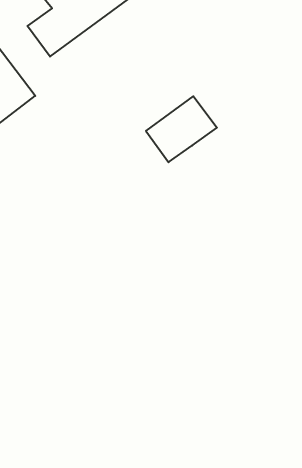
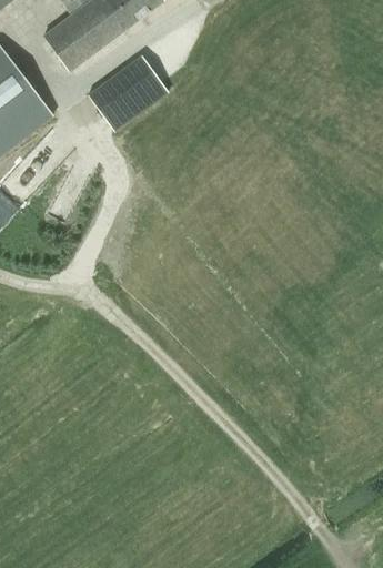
building: [146,96,217,162] -> [89,55,169,130]

